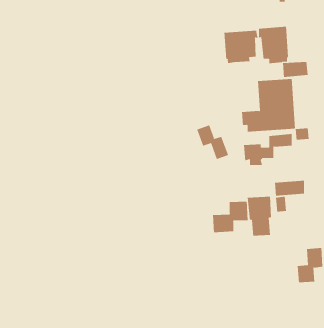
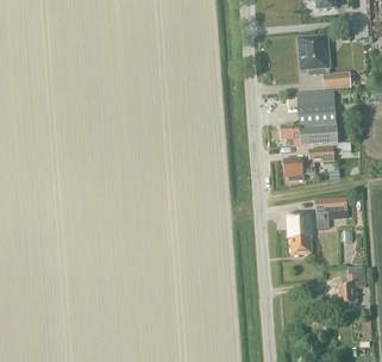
building: [224,30,258,64] -> none
building: [196,124,229,160] -> none
building: [213,201,248,233] -> none

